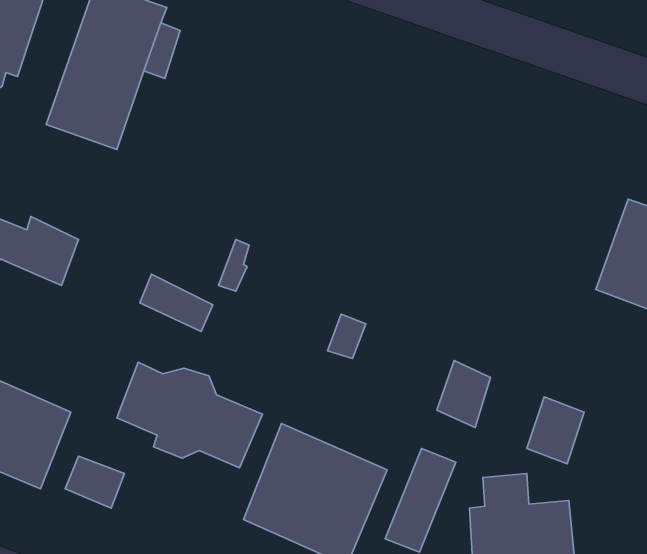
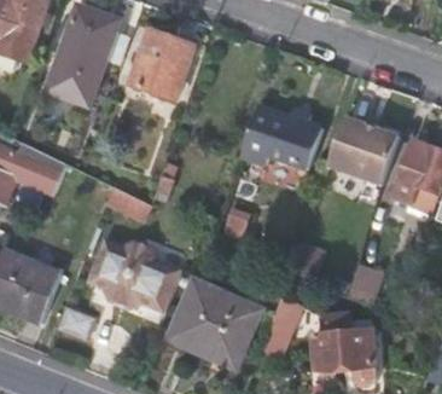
building: none -> [128,28,194,102]
building: none -> [239,106,324,170]
building: none -> [328,117,399,185]

